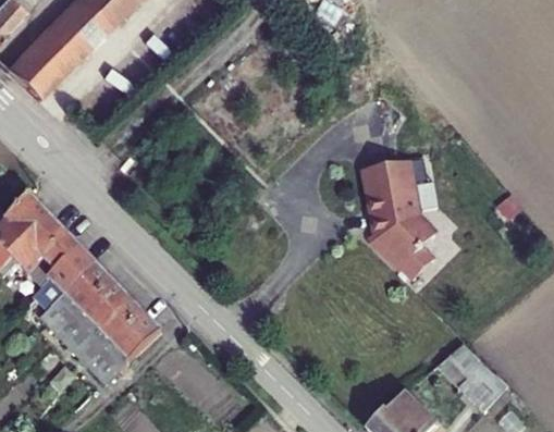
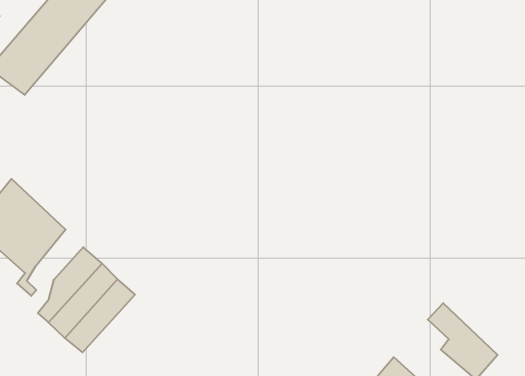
building: [366,159,436,269] -> none
building: [29,237,90,318] -> none
building: [83,306,153,375] -> none

